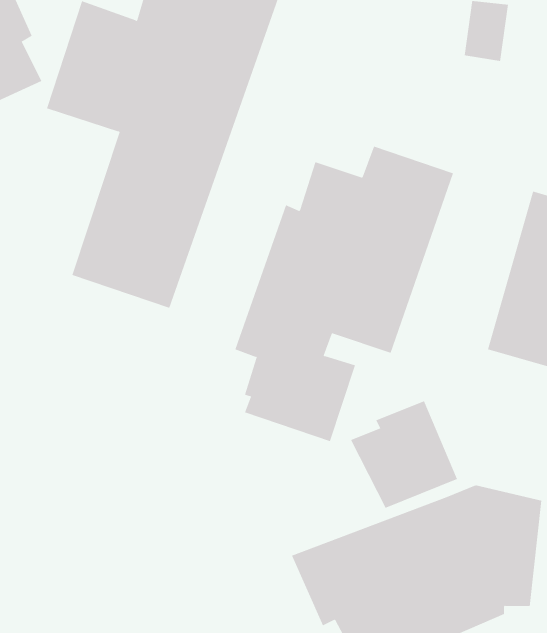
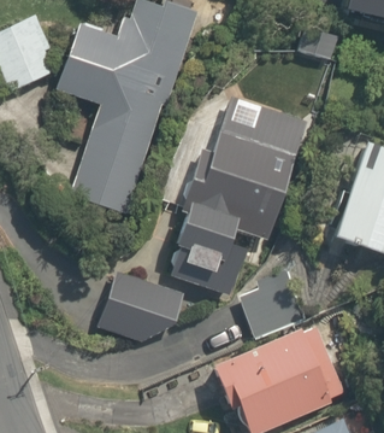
building: none -> [101,270,185,345]

